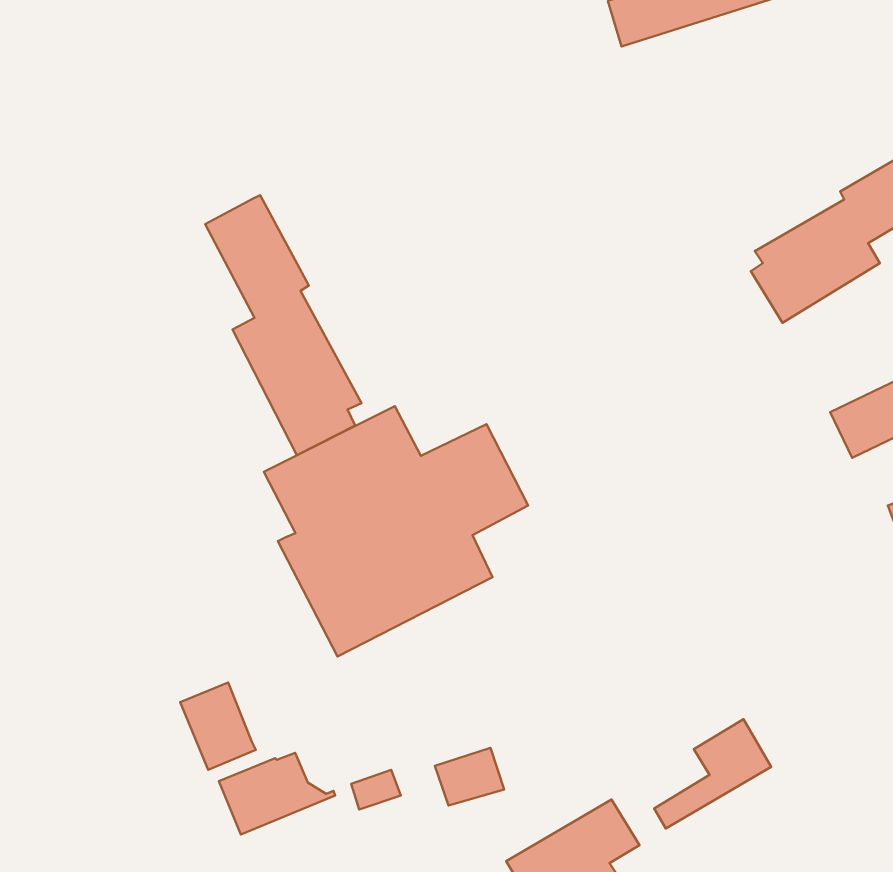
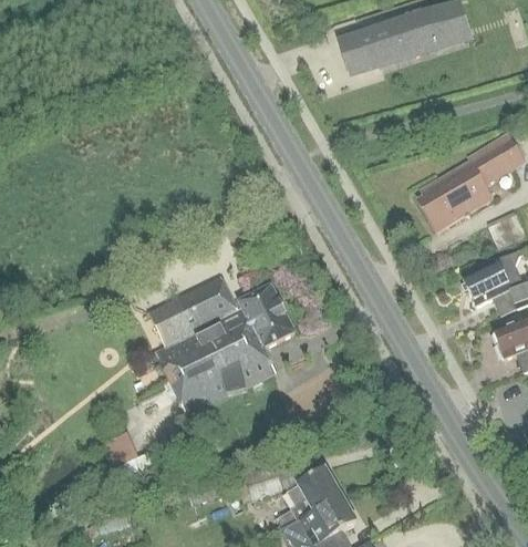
building: [205,195,362,455] -> none
building: [654,719,771,829] -> [277,467,342,528]
building: [219,753,335,834] -> none

